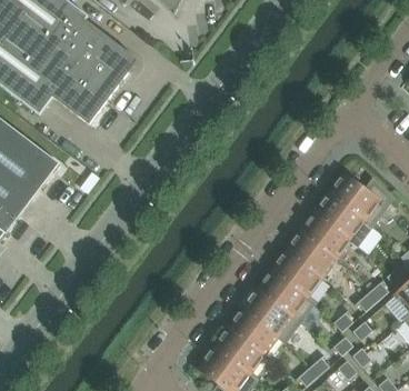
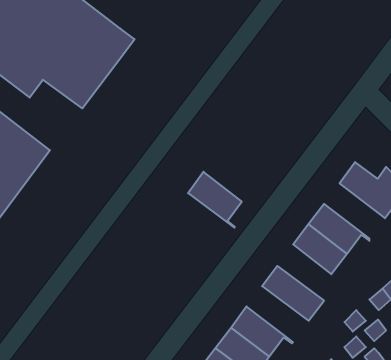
building: [315,194,371,245] -> none
building: [271,251,321,303] -> [188,172,242,228]
building: [242,290,300,342] -> none

